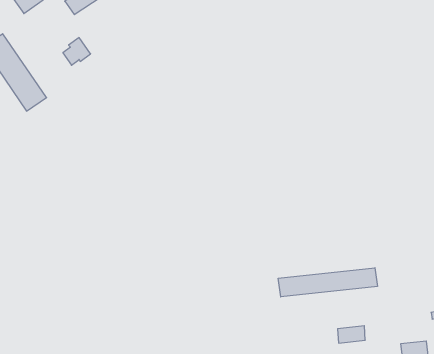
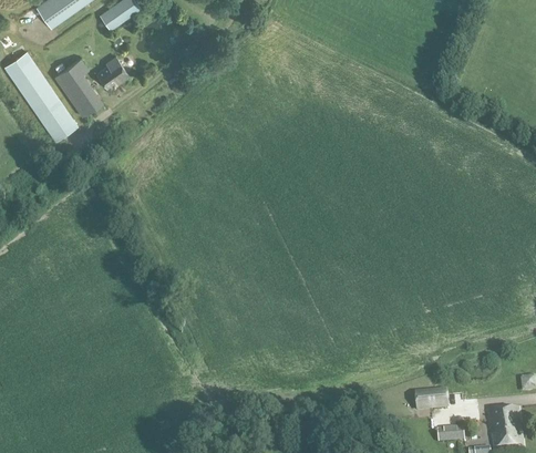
building: none -> [53,58,102,116]
building: [278,268,377,297] -> none

